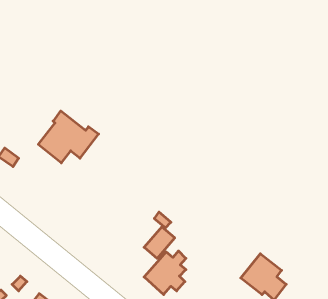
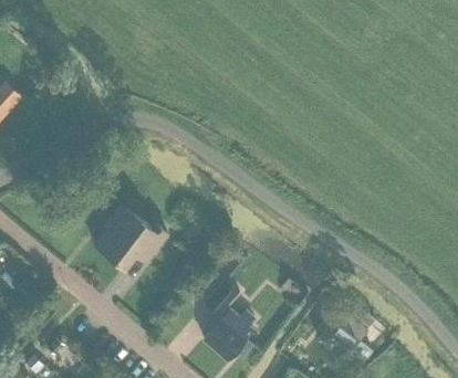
building: [38,111,99,163] -> [95,207,167,269]

